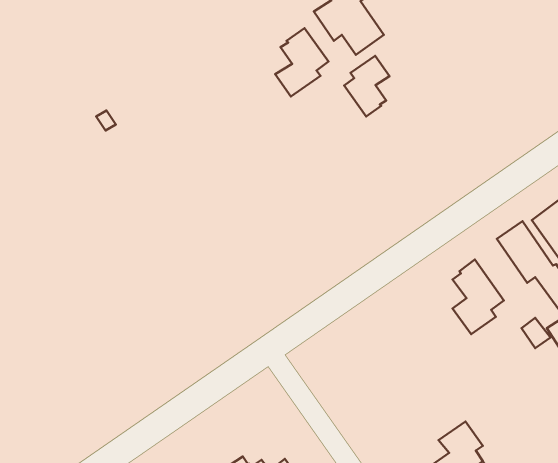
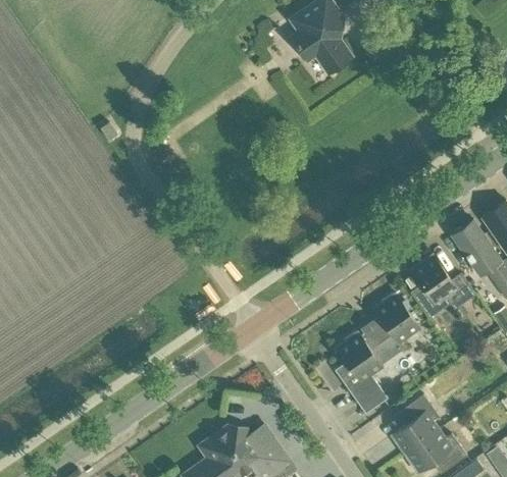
building: [275,28,329,96] -> none
building: [344,56,390,116] -> none
building: none -> [338,294,420,414]

